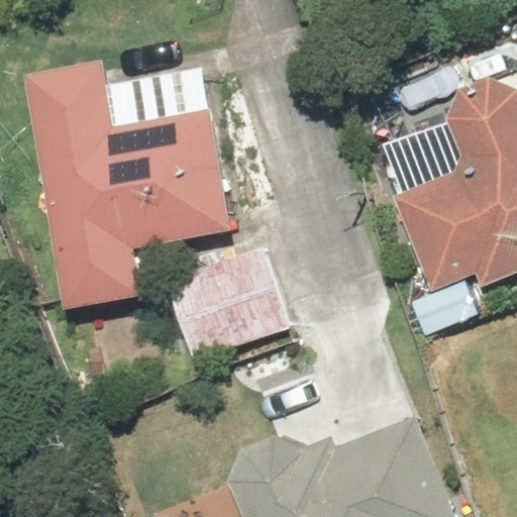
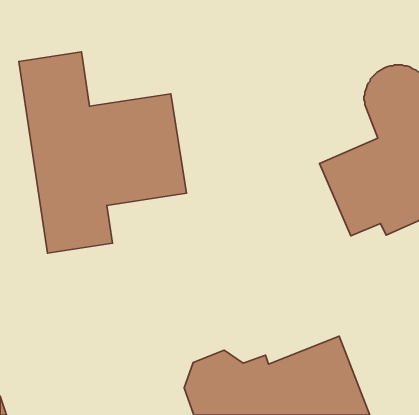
building: [165,247,296,365] -> none

